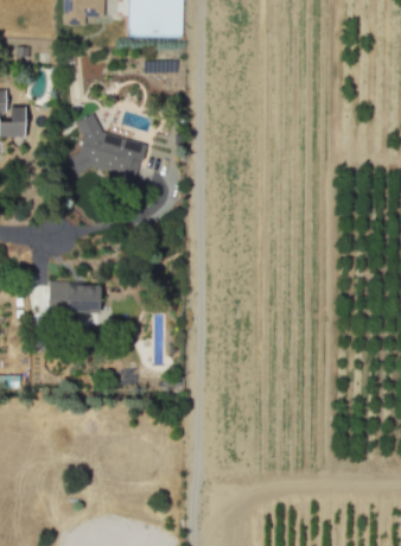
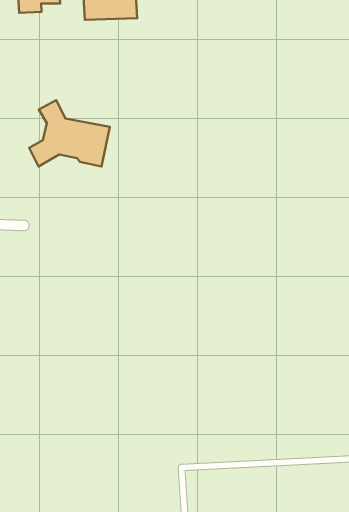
building: [47,284,101,312] -> none

